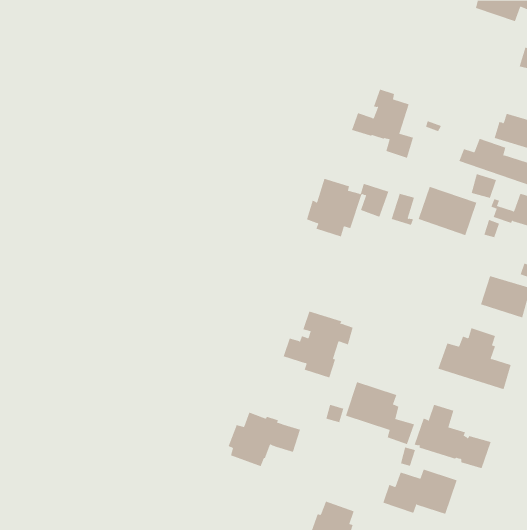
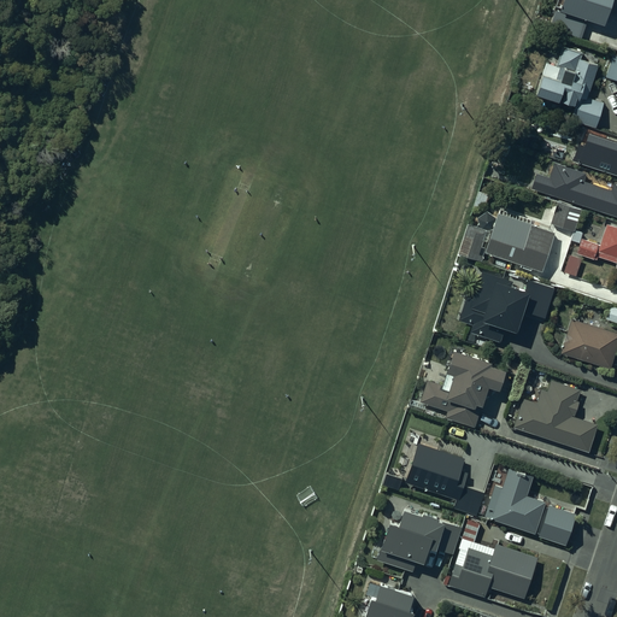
building: [351,89,414,158] -> [530,47,603,128]
building: [306,178,389,237] -> [462,274,558,342]
building: [283,311,354,378] -> [424,348,506,427]
building: [228,412,301,467] -> [381,507,465,571]

